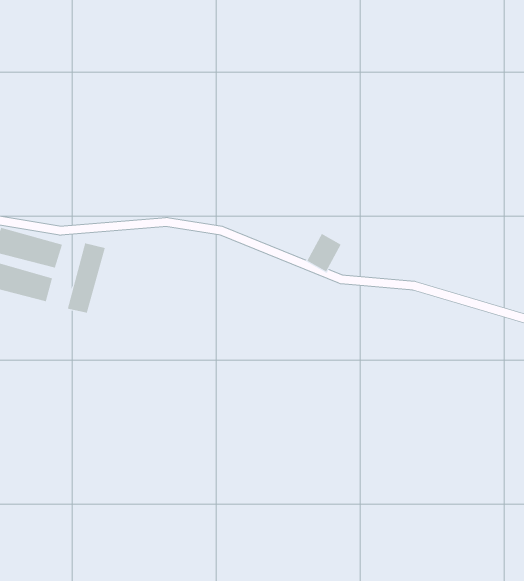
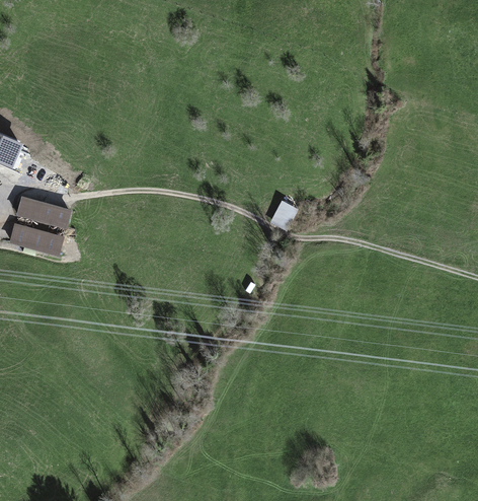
building: [67,243,106,313] -> none

